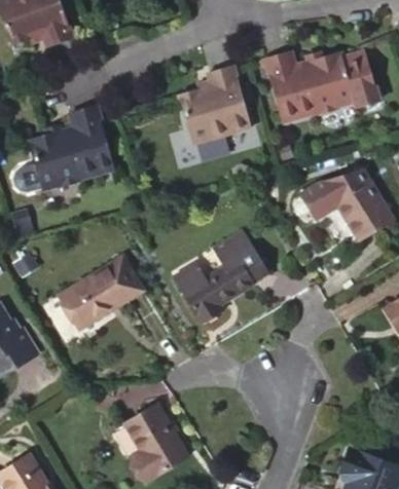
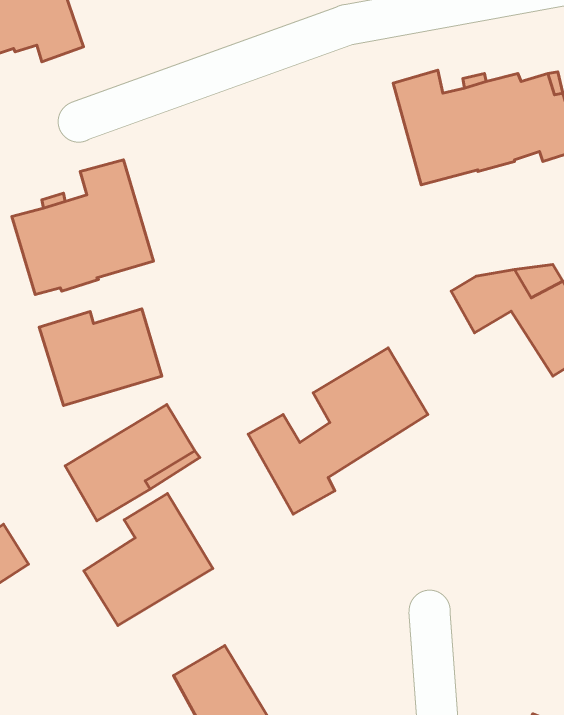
building: [177,65,250,143] -> none
building: none -> [39,309,162,405]
building: none -> [84,494,213,626]

